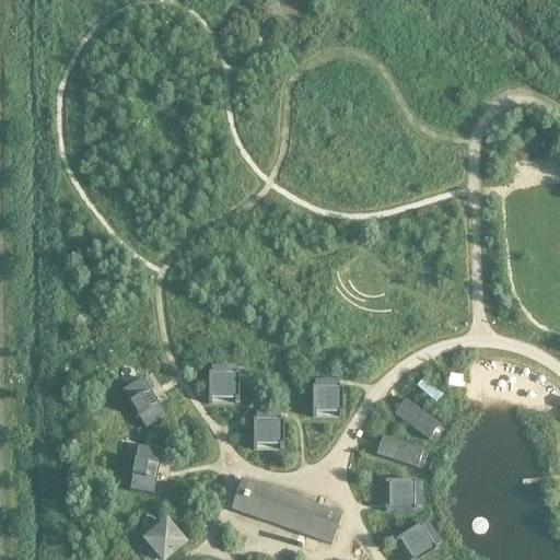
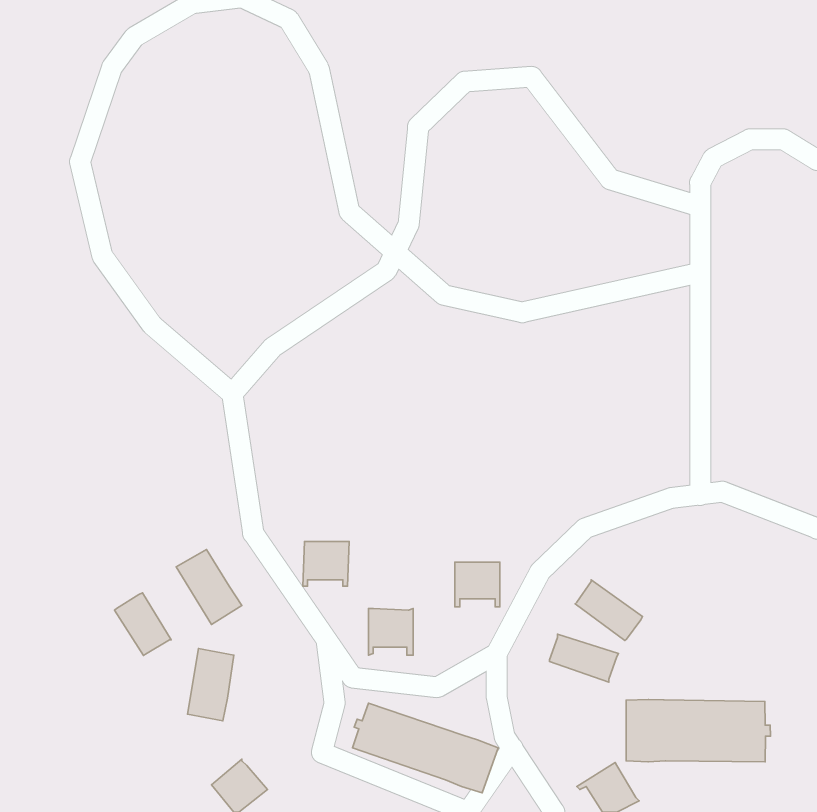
building: none -> [115,593,171,656]
building: none -> [626,699,771,762]
building: [384,478,415,509] -> none

